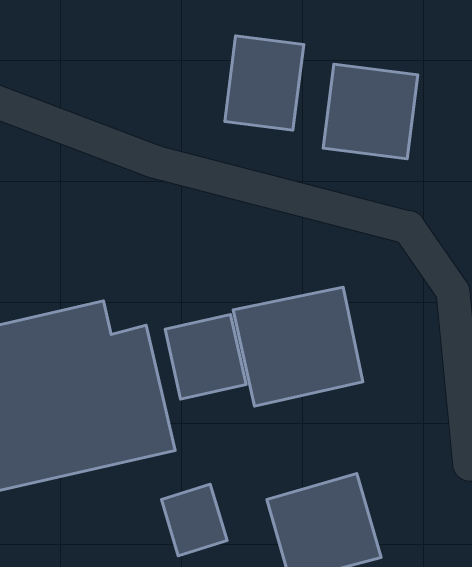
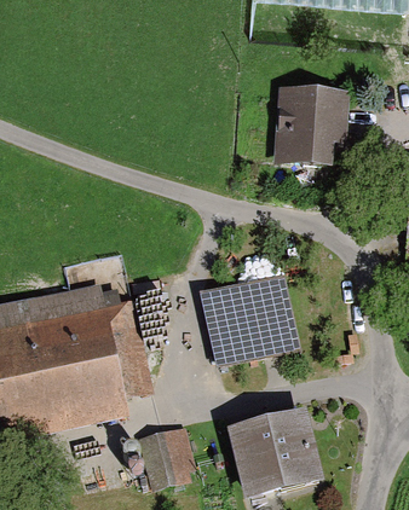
building: [225,36,304,130] -> none
building: [165,315,246,399] -> none

